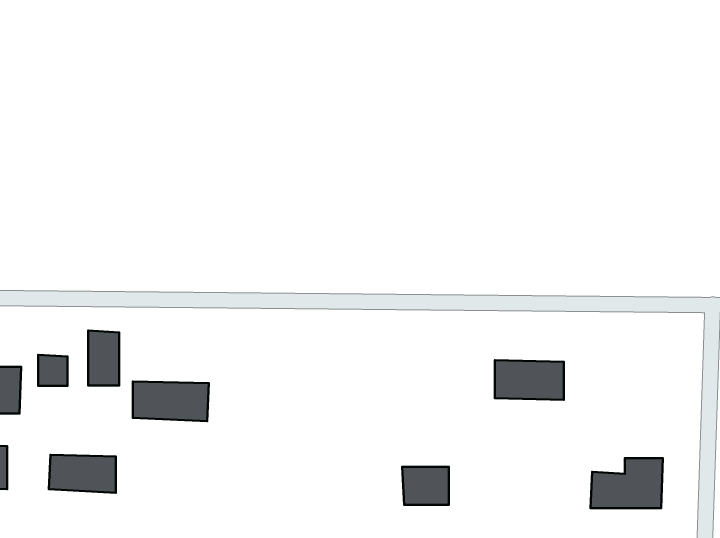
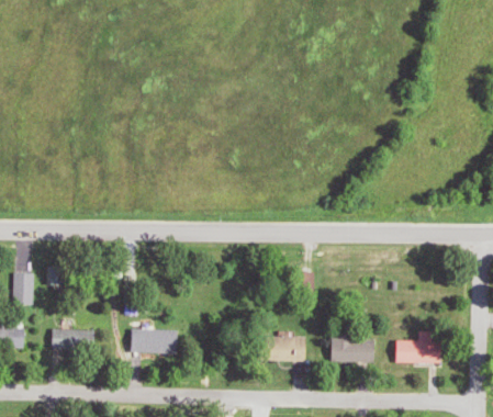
building: [88,331,119,386] -> none
building: [495,360,564,400] -> [329,338,373,363]
building: [133,382,209,421] -> [131,329,179,354]

